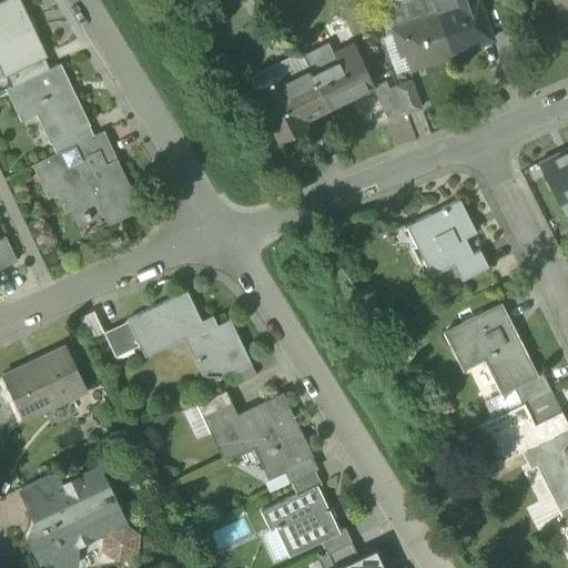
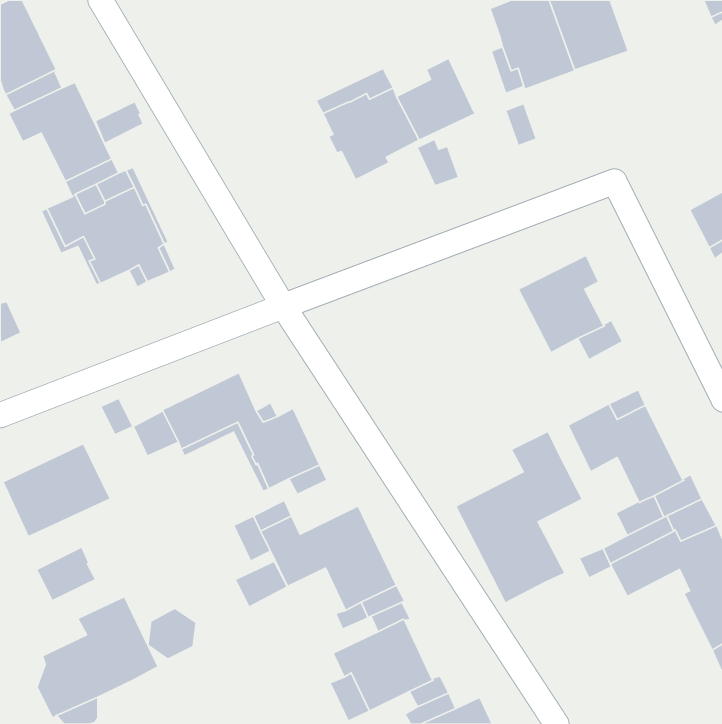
building: [303,43,338,75] -> none
building: none -> [95,102,143,144]
building: [373,81,406,118] -> [416,139,459,186]
building: none -> [455,431,583,603]
building: none -> [235,561,288,607]
building: [22,471,69,514] -> [36,547,96,601]
building: [103,523,141,562] -> [148,608,196,659]

